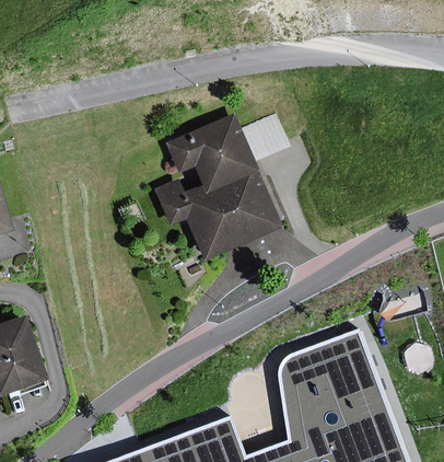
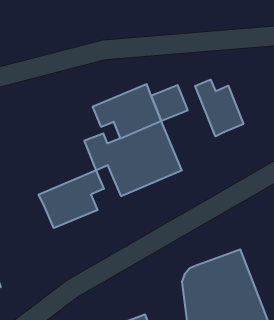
building: none -> [195,80,243,136]
building: none -> [39,170,104,228]

